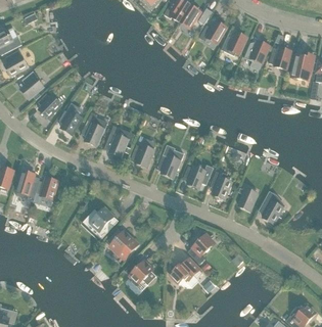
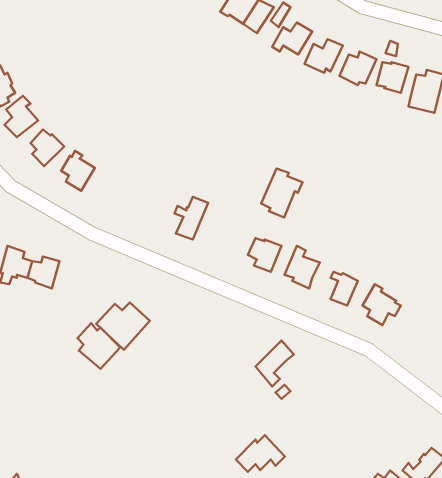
building: [81,112,107,145] -> none
building: [103,126,134,156] -> none
building: [156,145,184,178] -> [261,168,302,217]
building: [108,228,137,259] -> [77,323,120,369]
building: [170,259,202,283] -> [236,435,285,472]
building: [125,260,156,286] -> none

